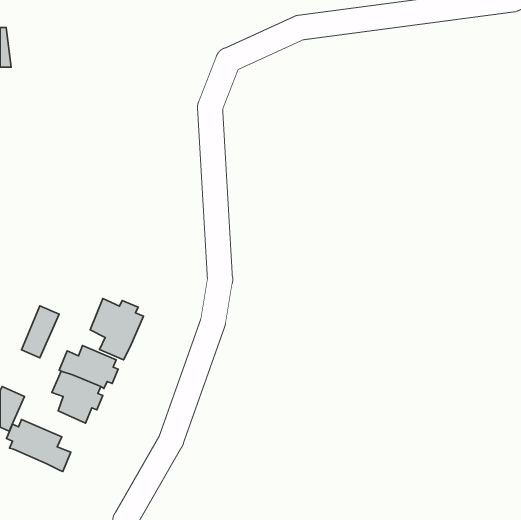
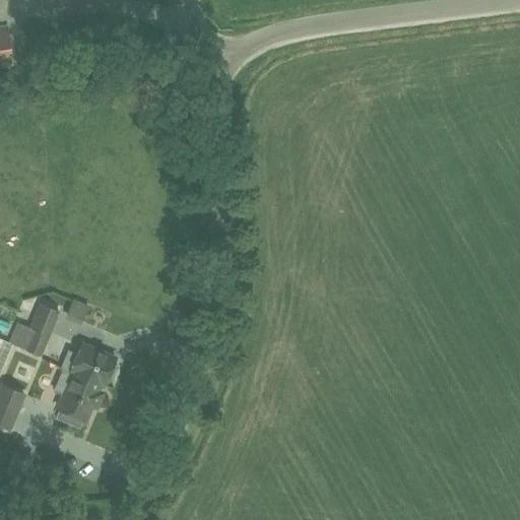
building: [90,299,144,360] -> none
building: [6,420,71,472] -> none

